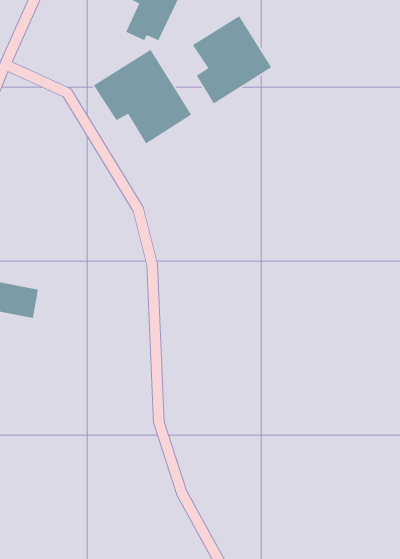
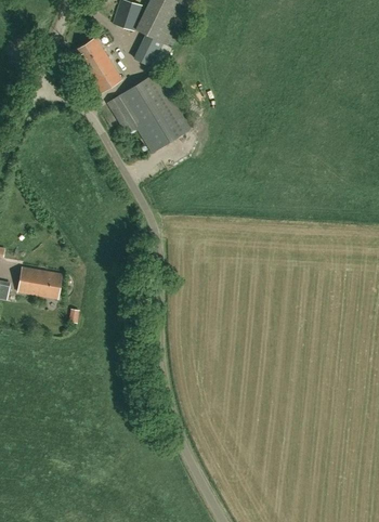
building: none -> [73,37,120,93]
building: [192,15,272,105] -> none

